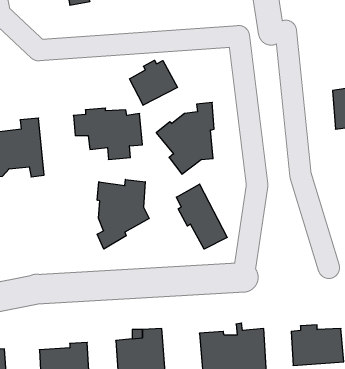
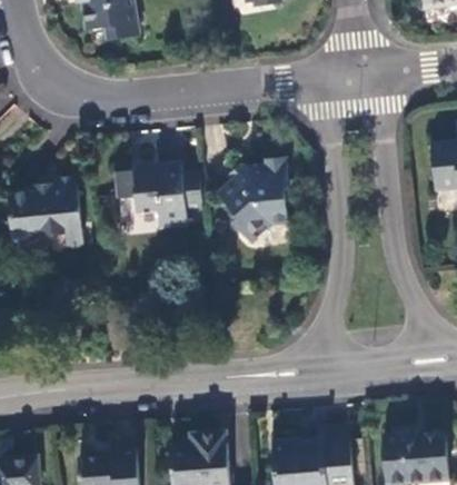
building: [130,60,177,105] -> none
building: [97,179,149,249] -> none
building: [176,184,227,249] -> none

